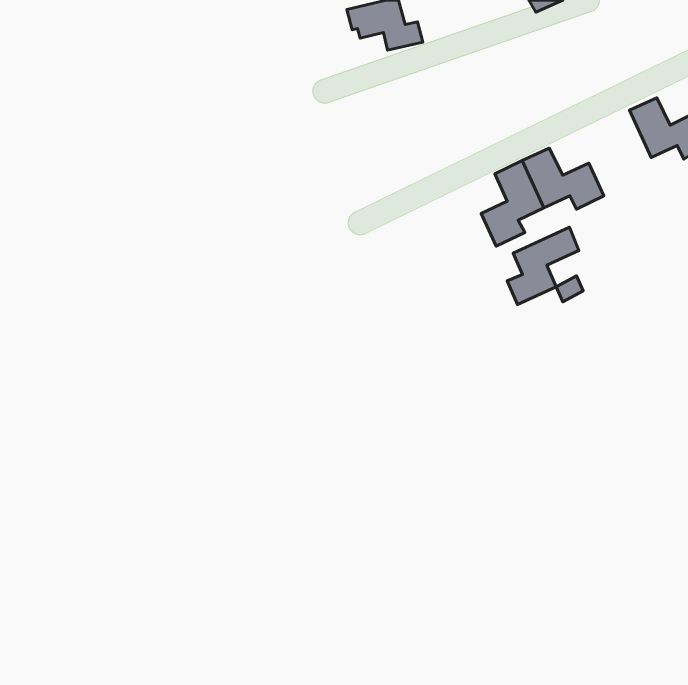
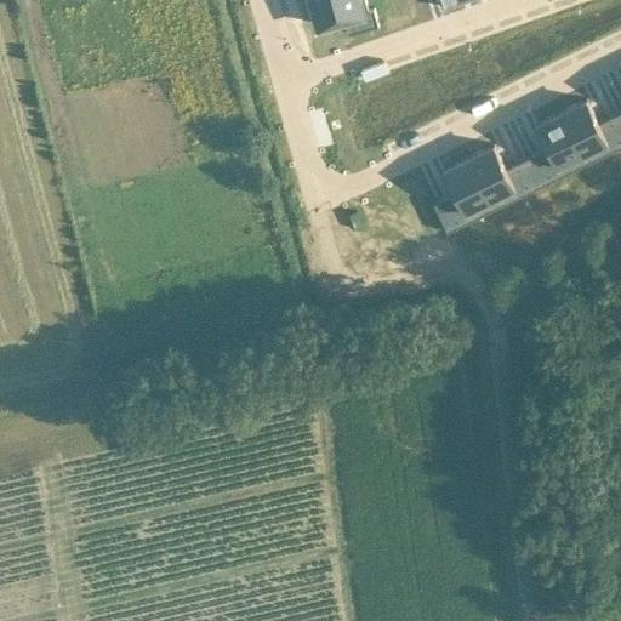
building: none -> [531,107,587,183]
building: [507,227,579,305] -> none

